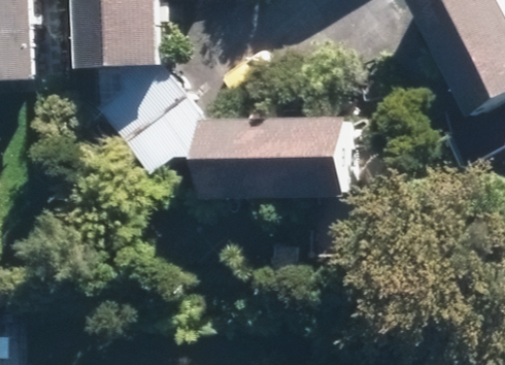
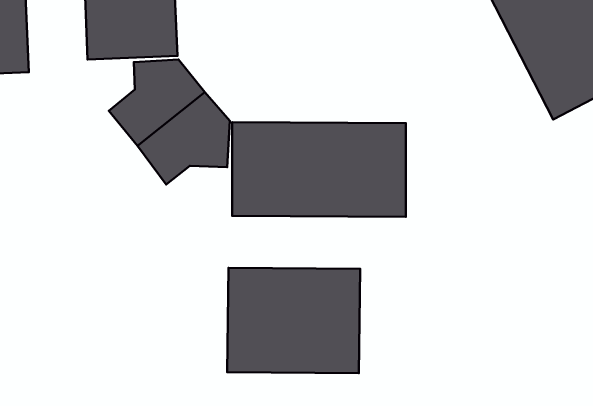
building: none -> [227,268,360,373]

